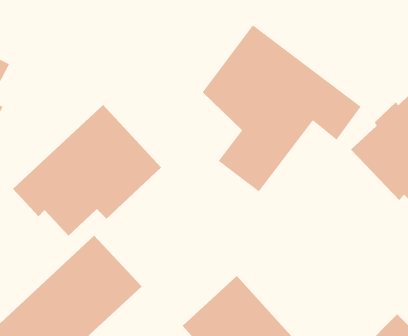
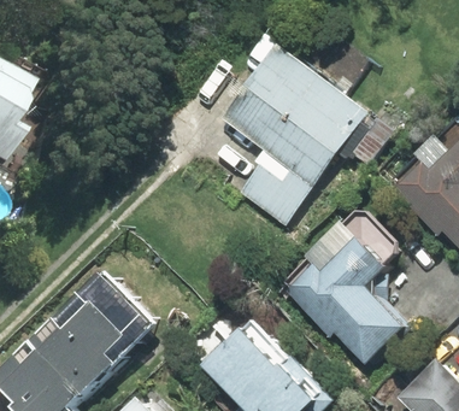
building: [12,104,162,236] -> none
building: none -> [282,209,407,362]

